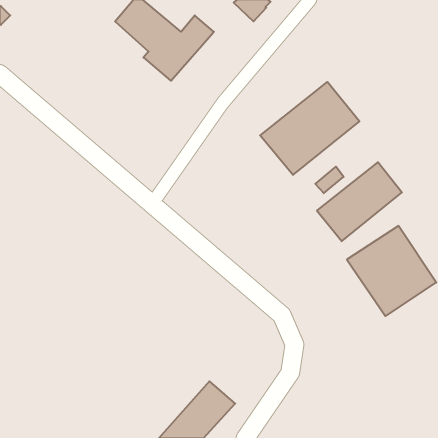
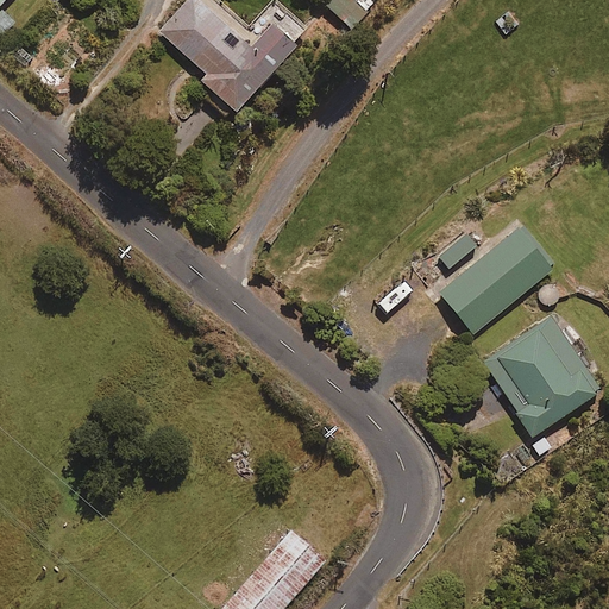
building: [260,82,359,175] -> none

